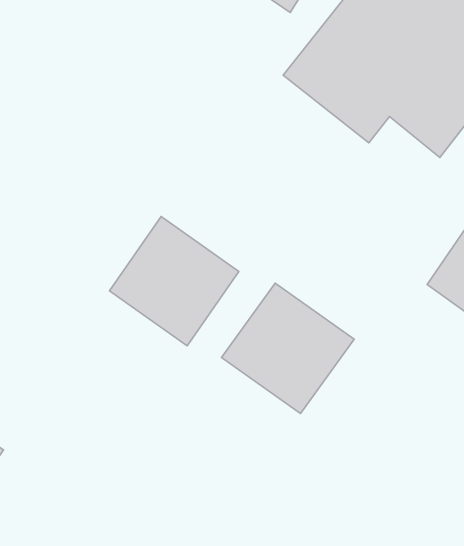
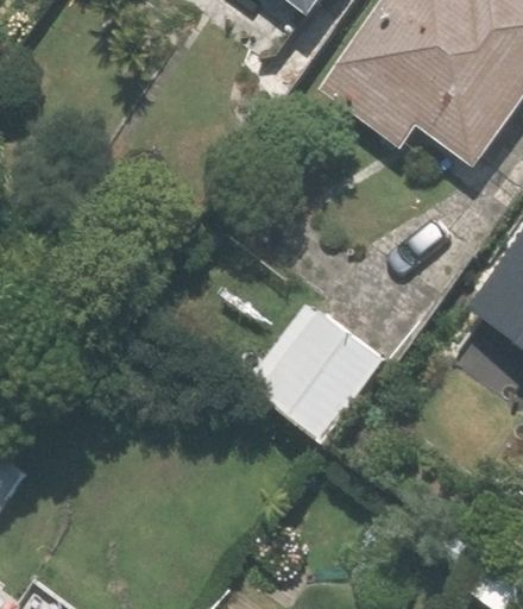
building: [109,216,239,346] -> none

